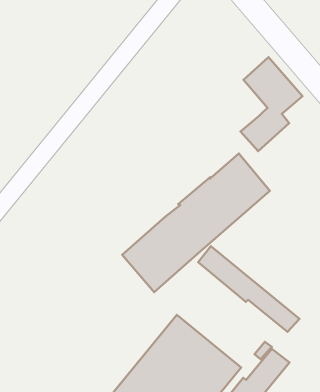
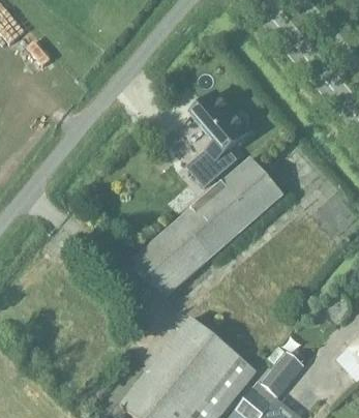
building: [241,57,302,151] -> [187,91,249,185]
building: [198,246,299,332] -> none

